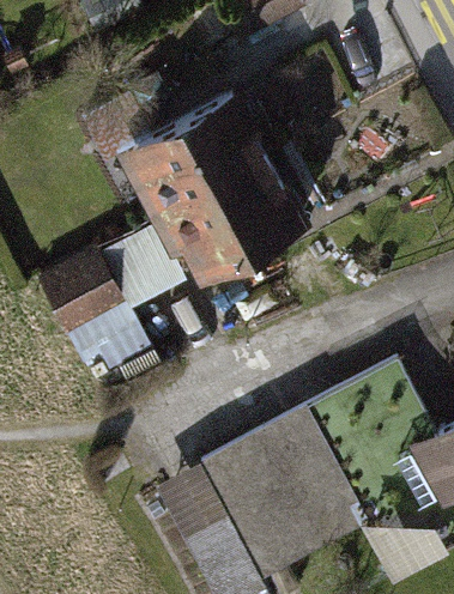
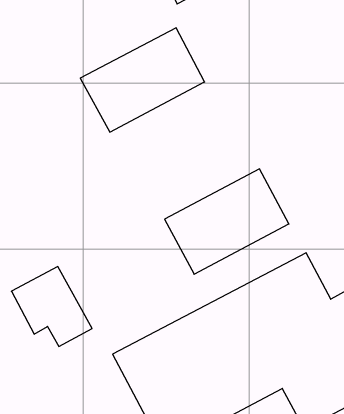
building: [152,140,309,273] -> [165,169,289,274]
building: [40,248,141,348] -> [11,267,92,346]

